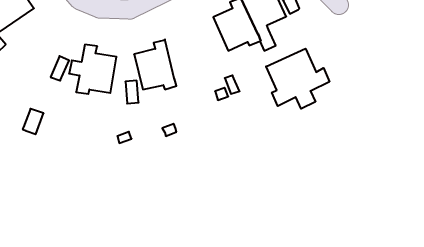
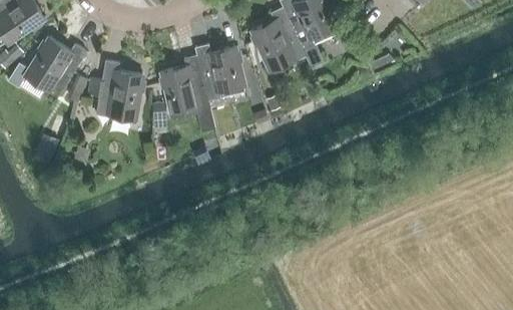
building: none -> [27,37,86,97]
building: none -> [194,44,243,100]
building: [266,49,329,109] -> none

